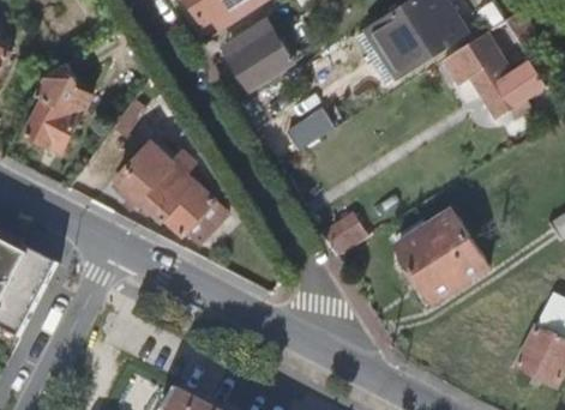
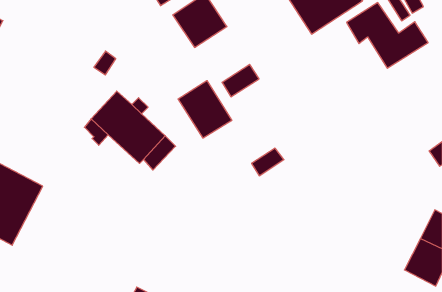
building: [26,65,90,151] -> none
building: none -> [178,81,232,138]
building: [397,207,487,305] -> none

